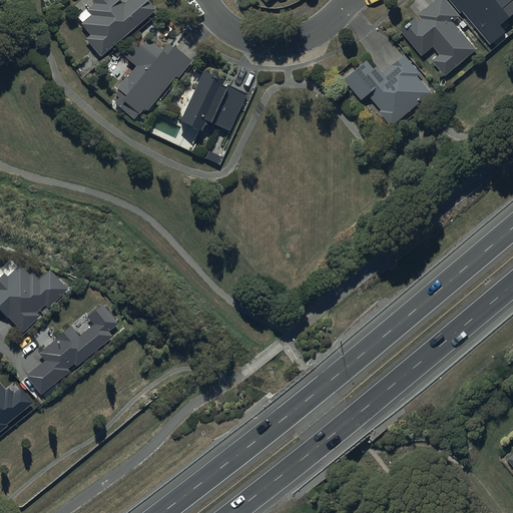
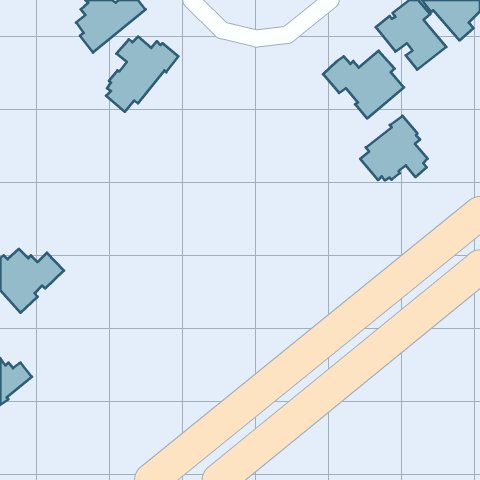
building: [178,70,244,129] -> none
building: none -> [360,116,428,180]
building: [27,304,120,394] -> none

